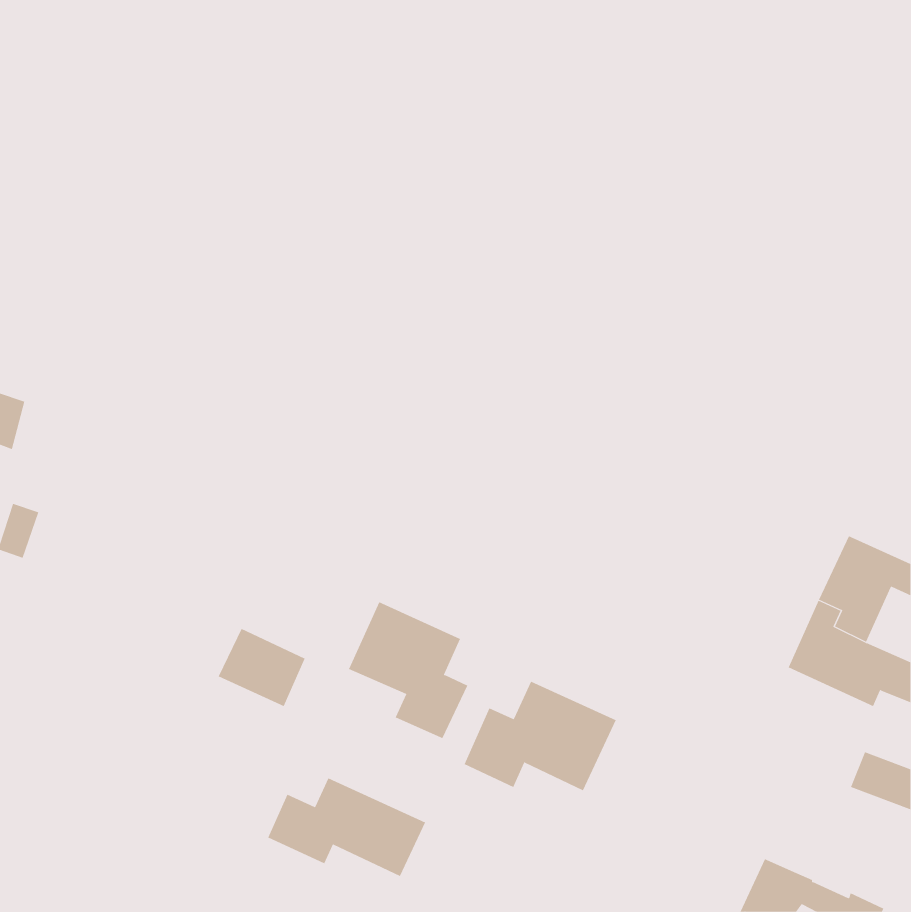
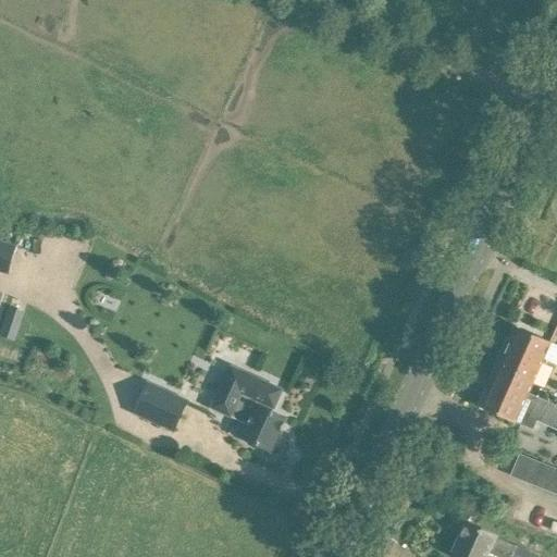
building: [464,681,616,791] -> none
building: [268,777,426,877] -> none

